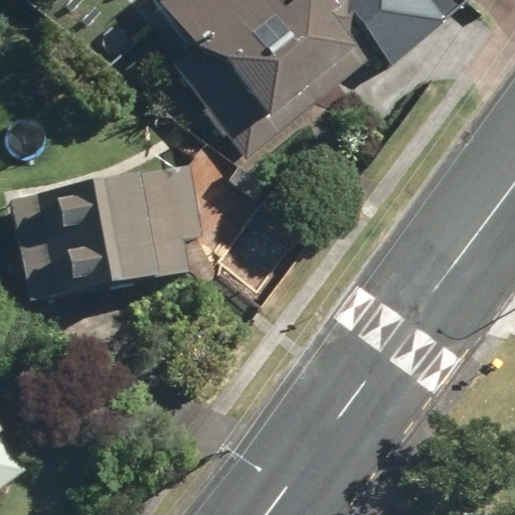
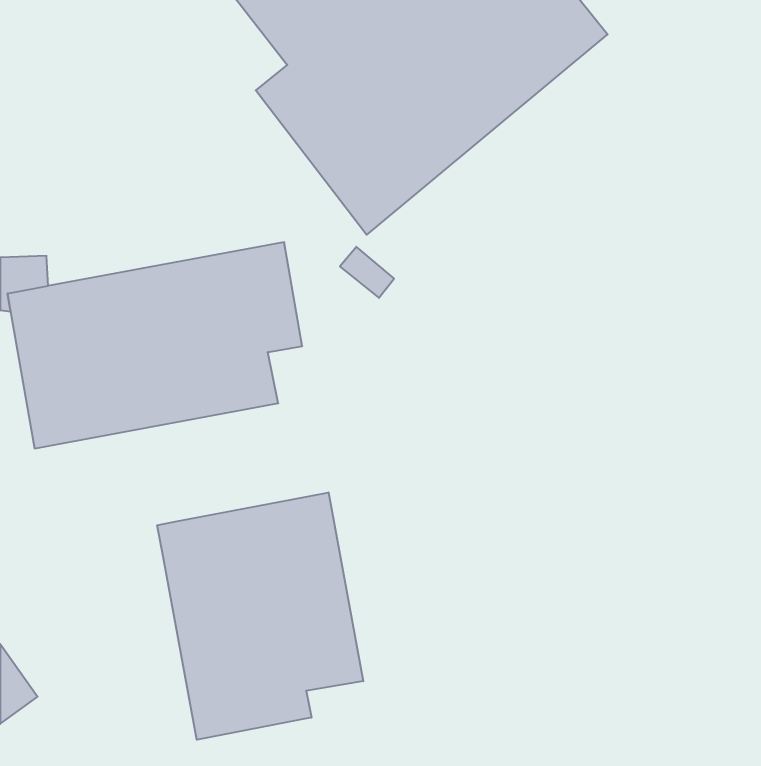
building: none -> [157,492,363,740]

